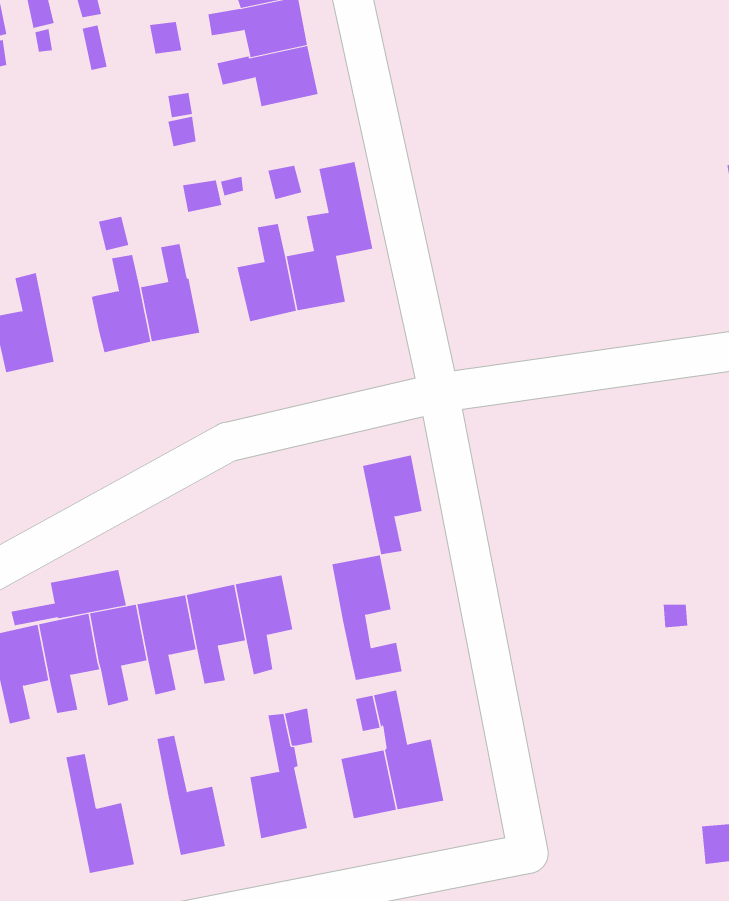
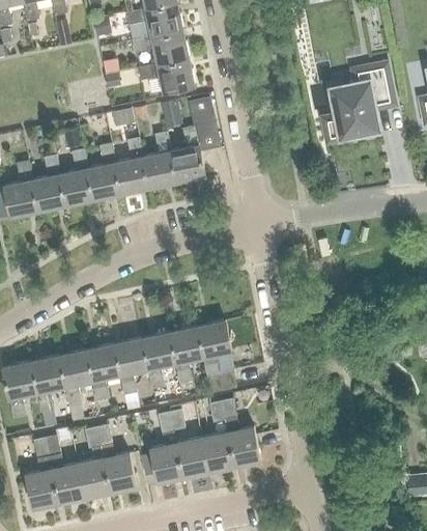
building: none -> [137,59,195,94]
building: none -> [323,61,394,141]
building: none -> [115,138,149,195]
building: none -> [32,156,66,212]
building: [362,455,422,555] -> [168,327,202,384]
building: [11,569,126,626] -> none
building: none -> [77,426,110,498]
building: none -> [25,437,58,509]
building: none -> [175,438,208,477]

